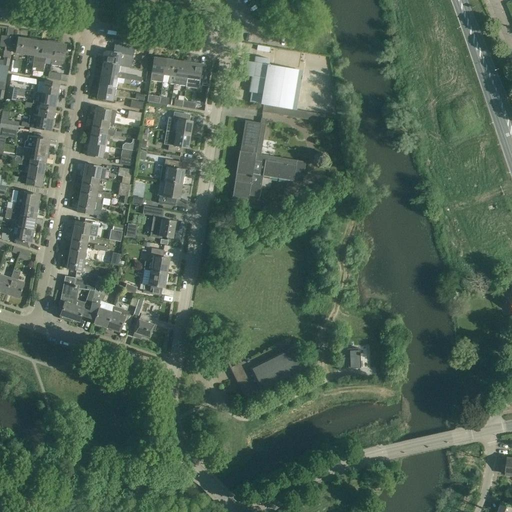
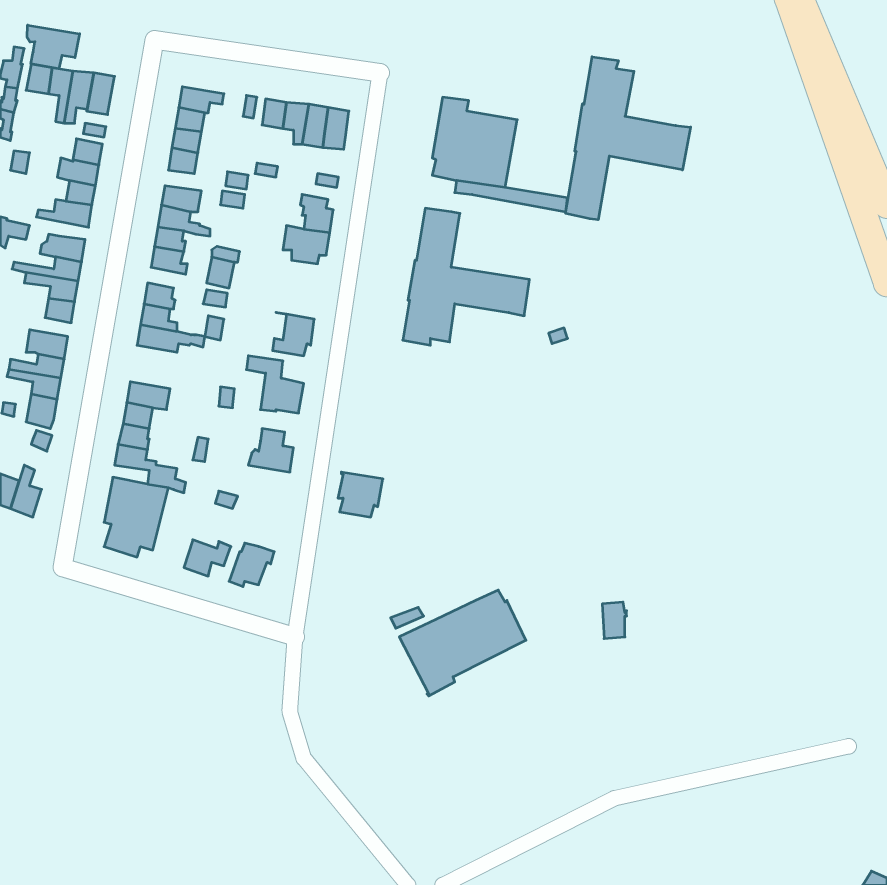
building: none -> [27,25,80,69]
building: none -> [566,57,691,220]
building: [159,158,184,184] -> none
building: [76,199,107,219] -> none
building: [141,268,167,294] -> [338,472,383,517]
building: [88,297,114,327] -> none

